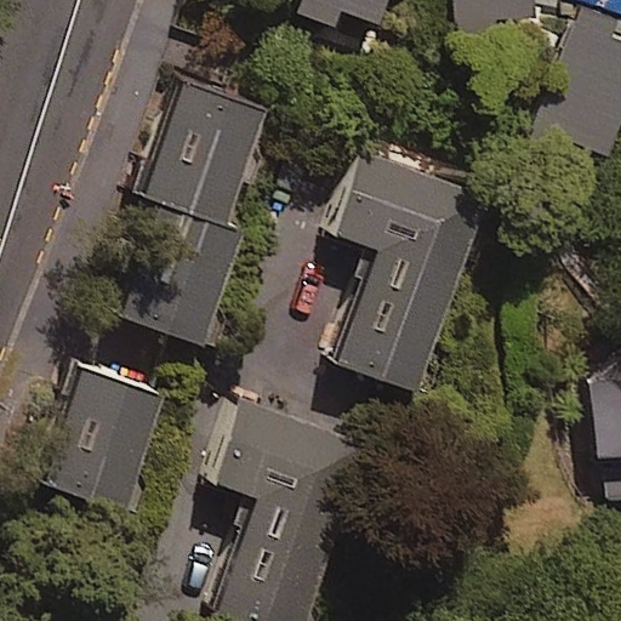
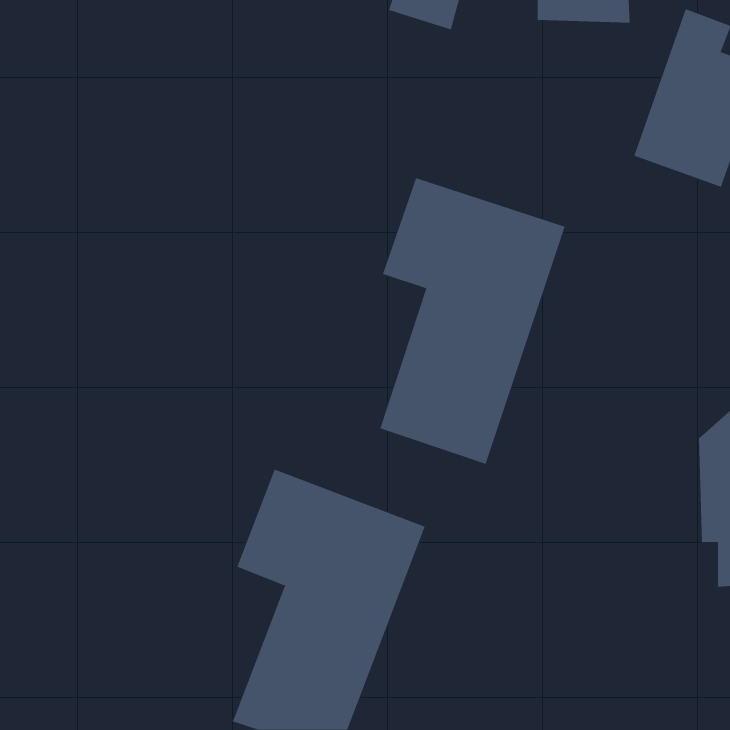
building: [116,75,273,348] -> none
building: [40,370,166,514] -> none

